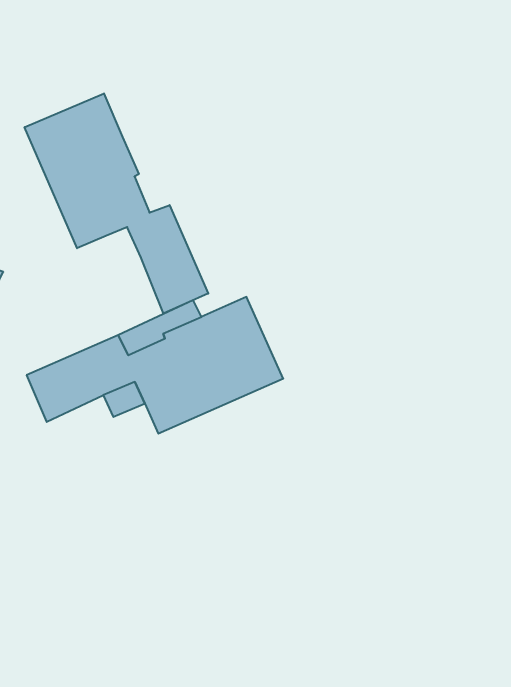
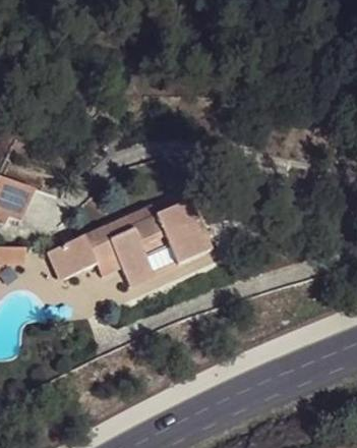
building: [25,93,208,313] -> none

